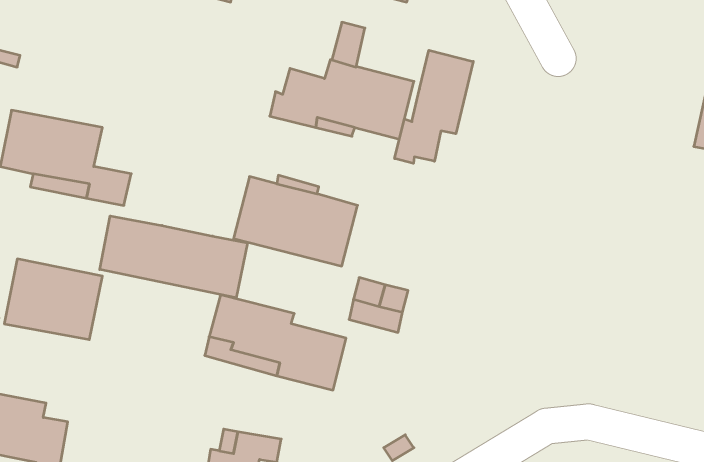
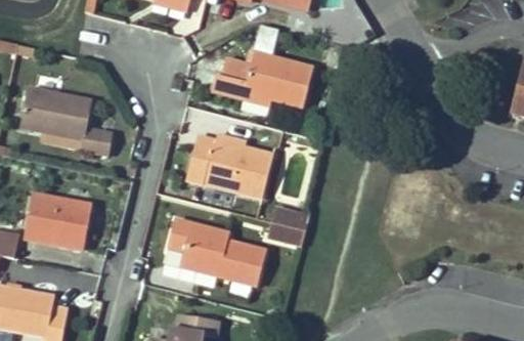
building: [395,50,473,163] -> none
building: [100,216,247,298] -> none

